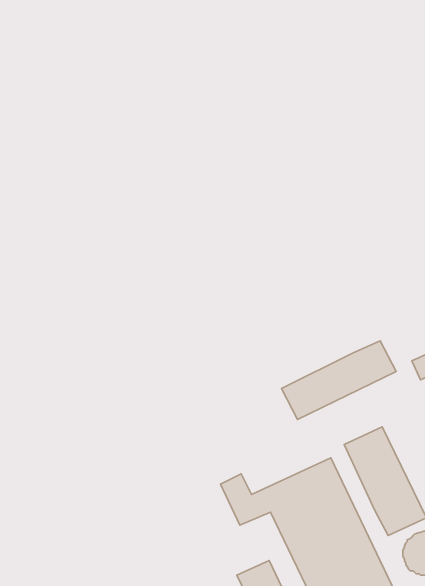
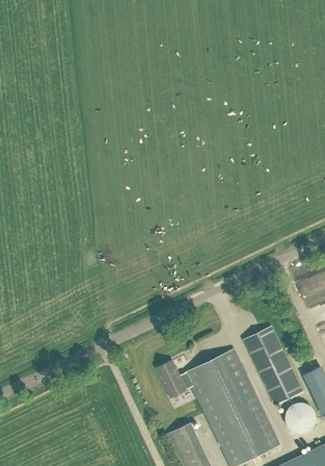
building: [282,341,396,419] -> none

